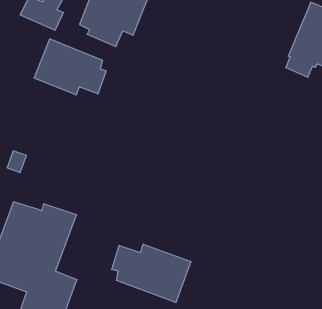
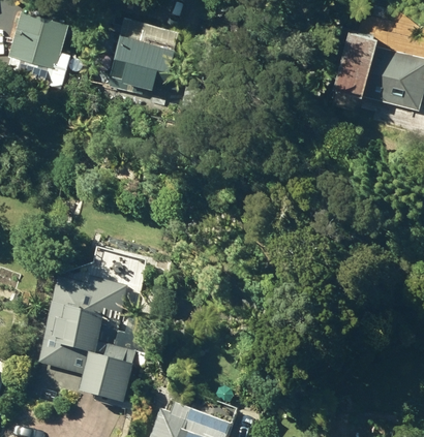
building: [34,39,106,95] -> none
building: [112,244,191,303] -> none

